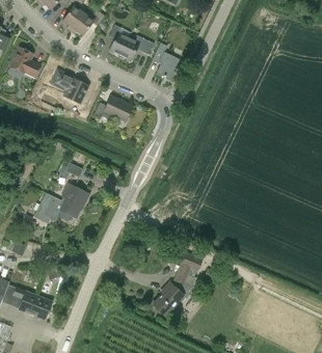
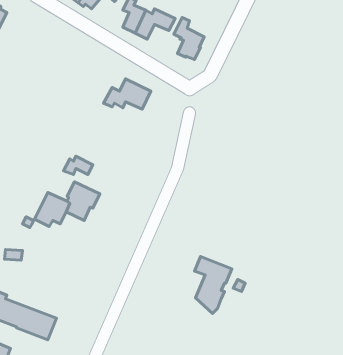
building: [9,47,41,77] -> none
building: [51,70,88,103] -> none
building: [152,282,186,318] -> none

